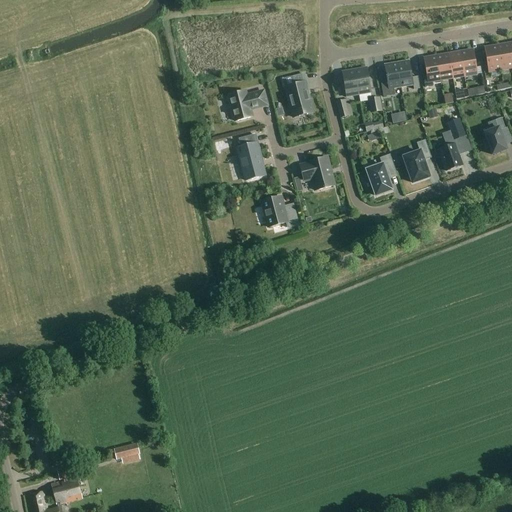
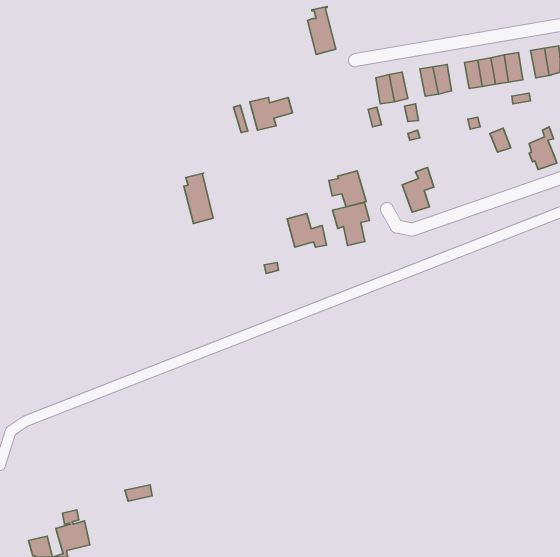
building: [286,72,312,116] -> [307,6,336,55]
building: [237,133,264,179] -> [184,173,213,224]
building: [403,138,431,181] -> none
building: [438,143,463,170] -> none
building: none -> [333,202,369,245]

